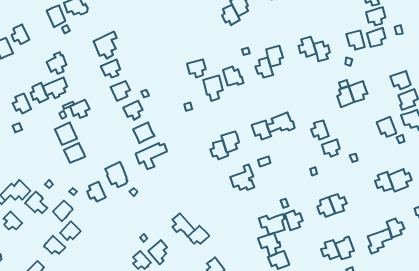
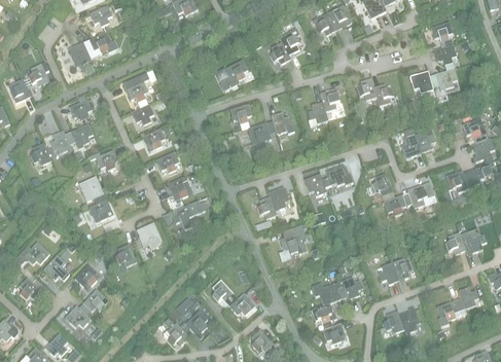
building: none -> [220,59,248,90]
building: none -> [407,183,434,209]

